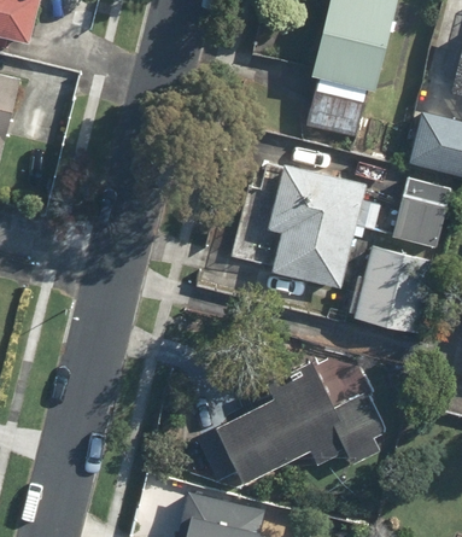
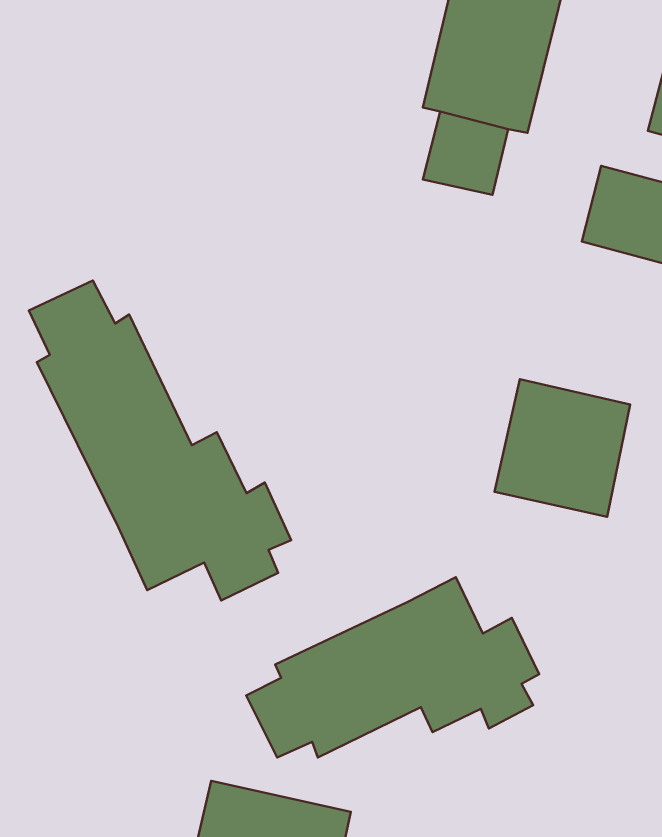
building: [268,162,370,292] -> none
building: [393,179,451,246] -> none
building: none -> [29,281,291,601]

